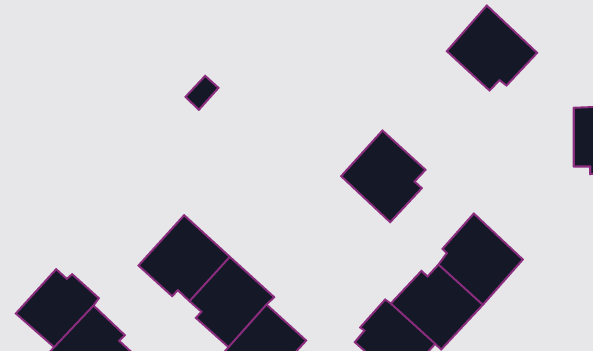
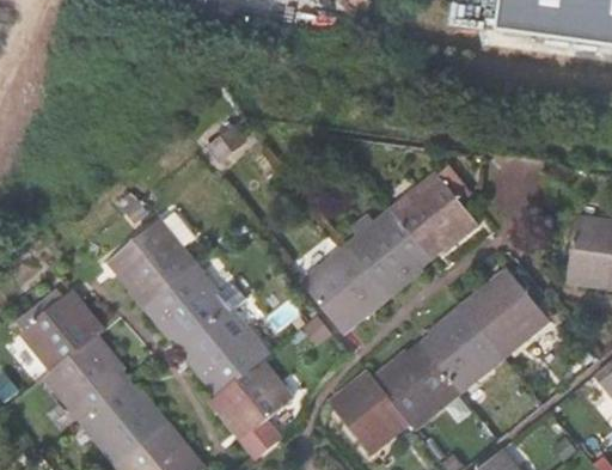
building: [447,6,537,91] -> [391,175,476,255]
building: none -> [465,273,551,353]
building: none -> [112,220,192,304]
building: none -> [301,249,385,328]

